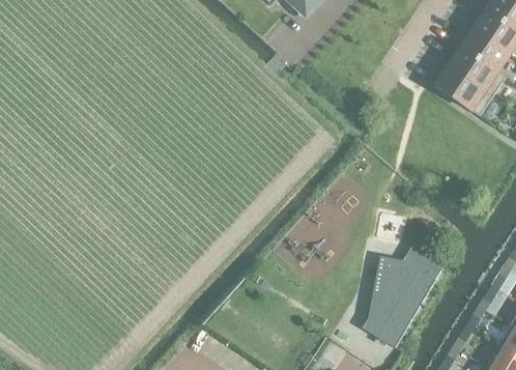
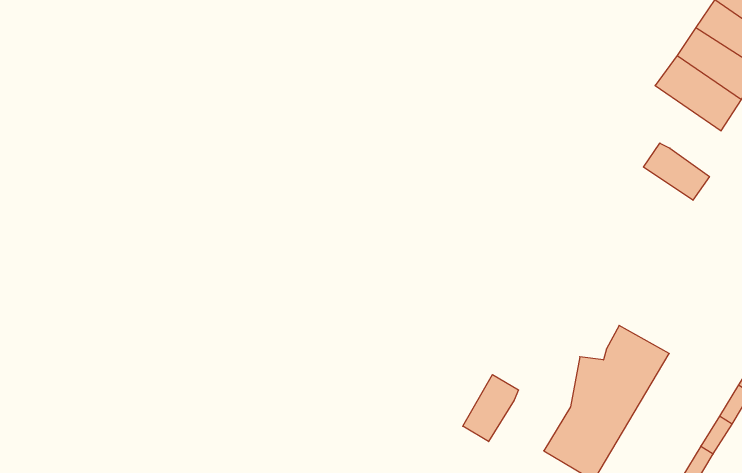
building: none -> [643,143,709,200]
building: none -> [463,375,518,442]

